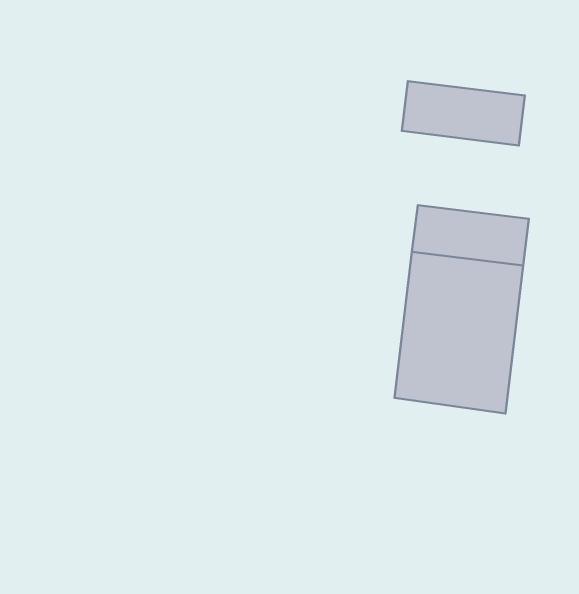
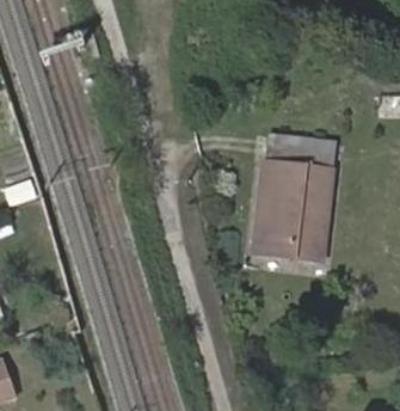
building: [402,81,525,145] -> none

